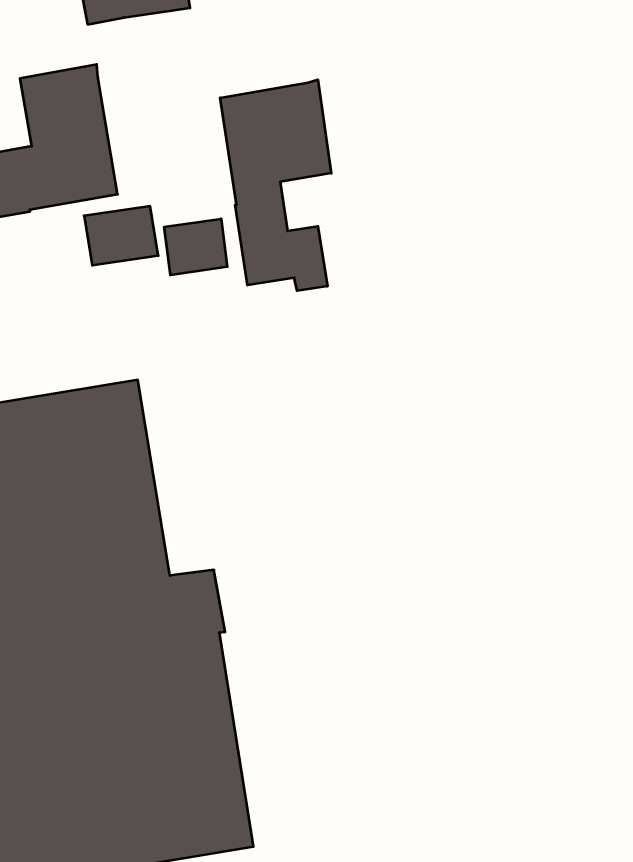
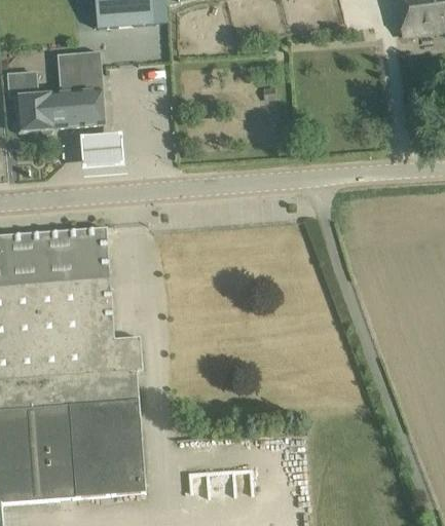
building: [220,80,331,291] -> none
building: [164,219,227,275] -> none

